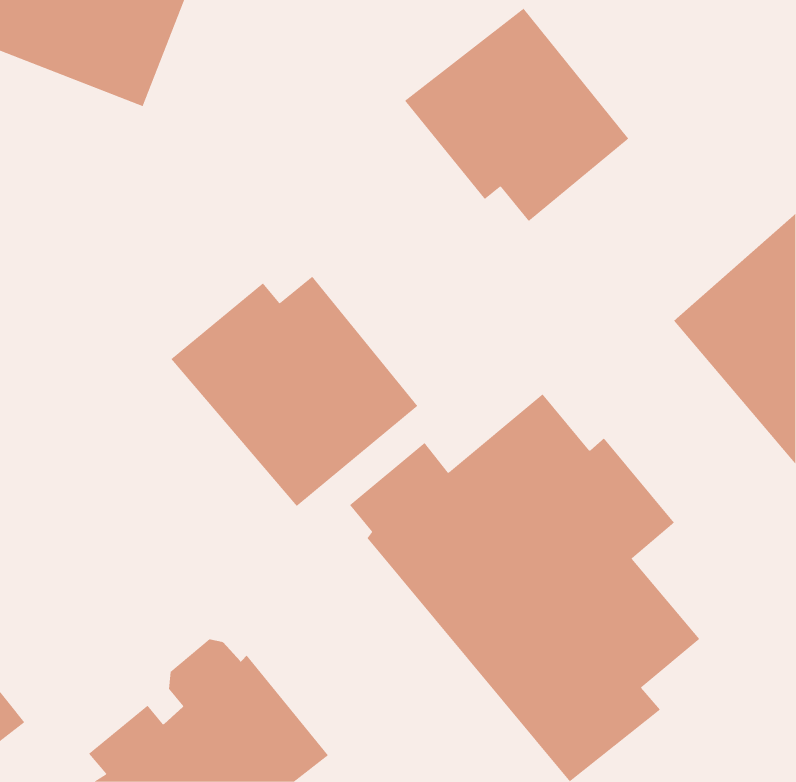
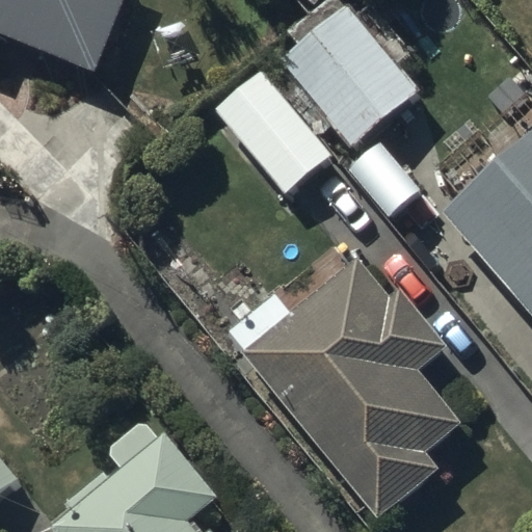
building: none -> [222,78,331,189]
building: [171,276,418,507] -> none

